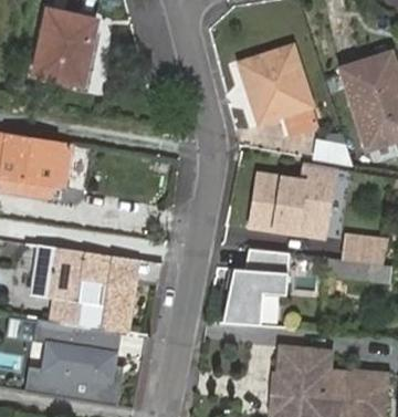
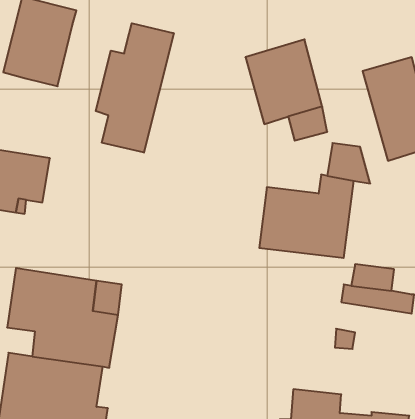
building: none -> [96,23,174,153]
building: [229,247,290,324] -> none

